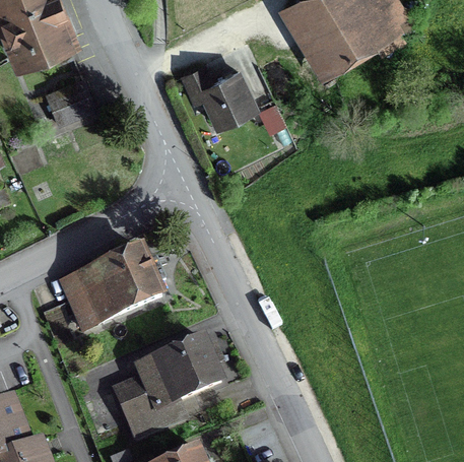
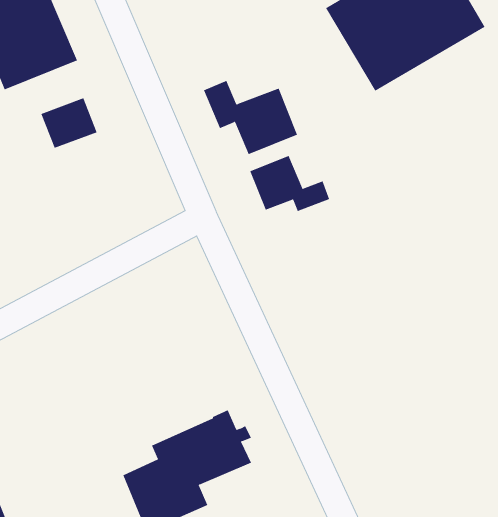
building: none -> [250,155,330,212]
building: [70,247,164,326] -> none

